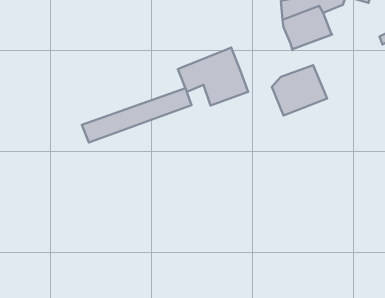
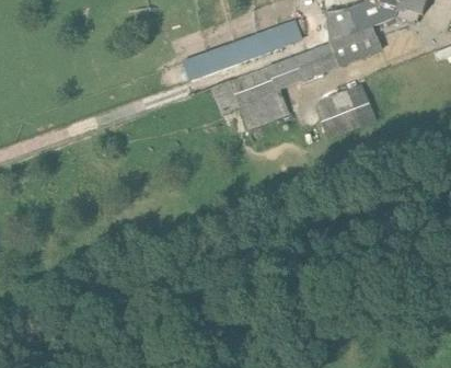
building: none -> [294,46,326,79]
building: [82,88,191,143] -> [180,20,301,80]

